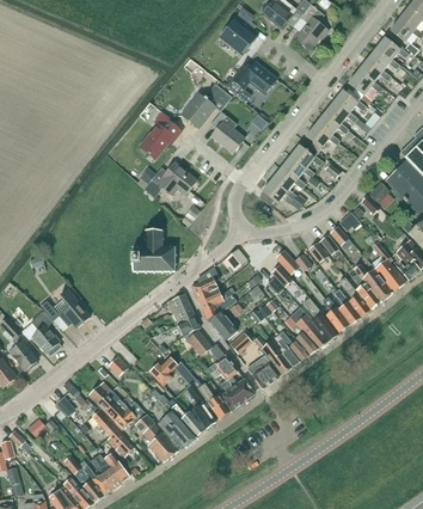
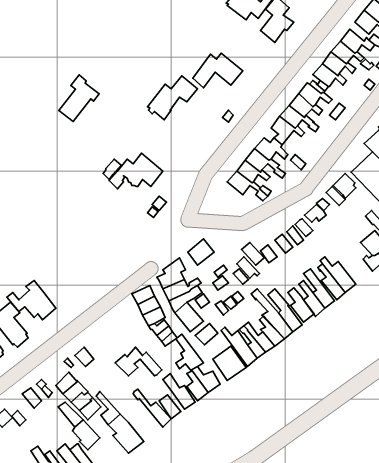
building: [220,13,257,55] -> none
building: [212,110,245,153] -> none
building: [141,111,182,158] -> [59,75,99,121]
building: [131,231,174,271] -> none
building: [370,241,405,292] -> none
building: [152,388,197,448] -> none

